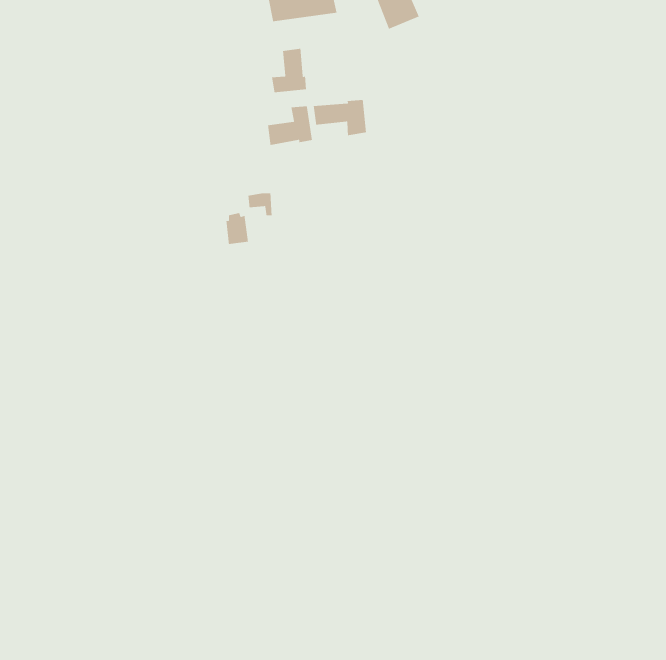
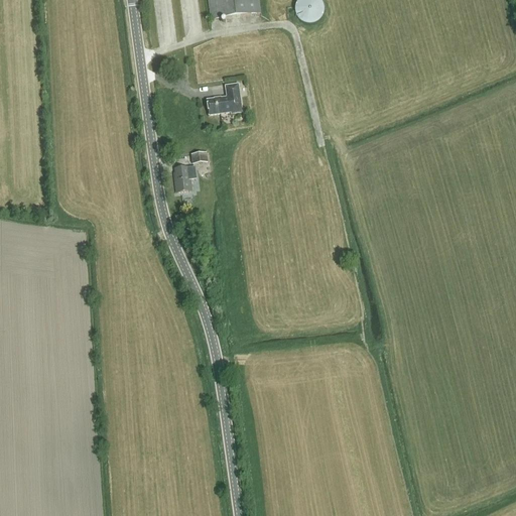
building: [271,48,307,93] -> none
building: [313,99,367,136] -> none

